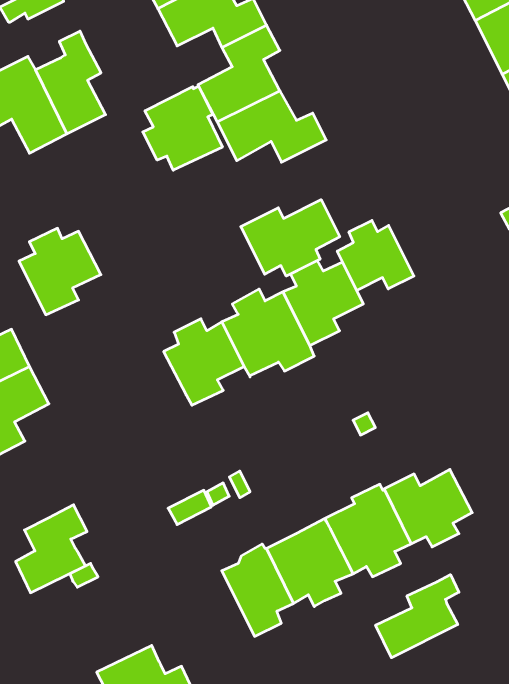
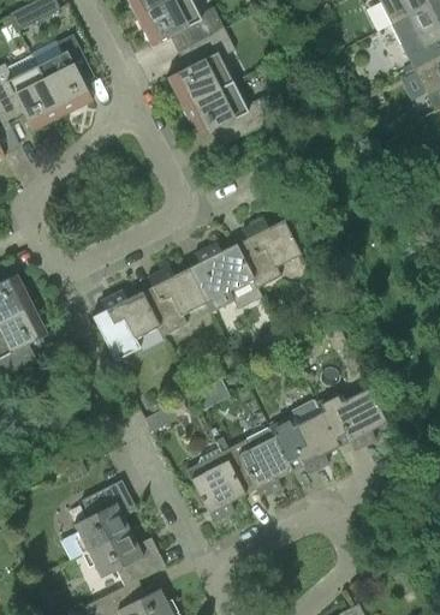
building: [143,86,222,170] -> none
building: [241,200,340,276] -> none
building: [337,220,414,291] -> none
building: [19,228,101,315] -> [93,289,159,359]
building: [16,505,87,593] -> [75,479,132,550]
building: [376,575,459,658] -> none

